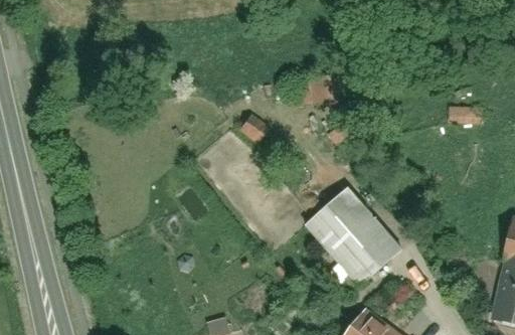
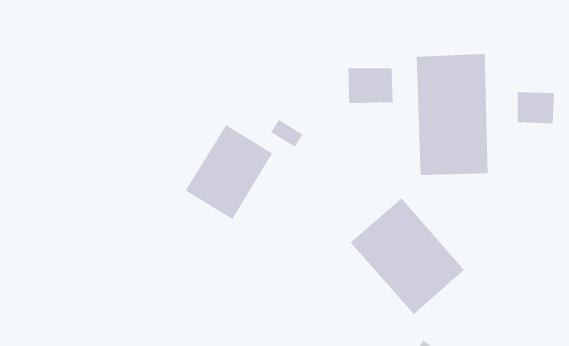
building: none -> [416,53,488,176]
building: none -> [185,124,273,220]

